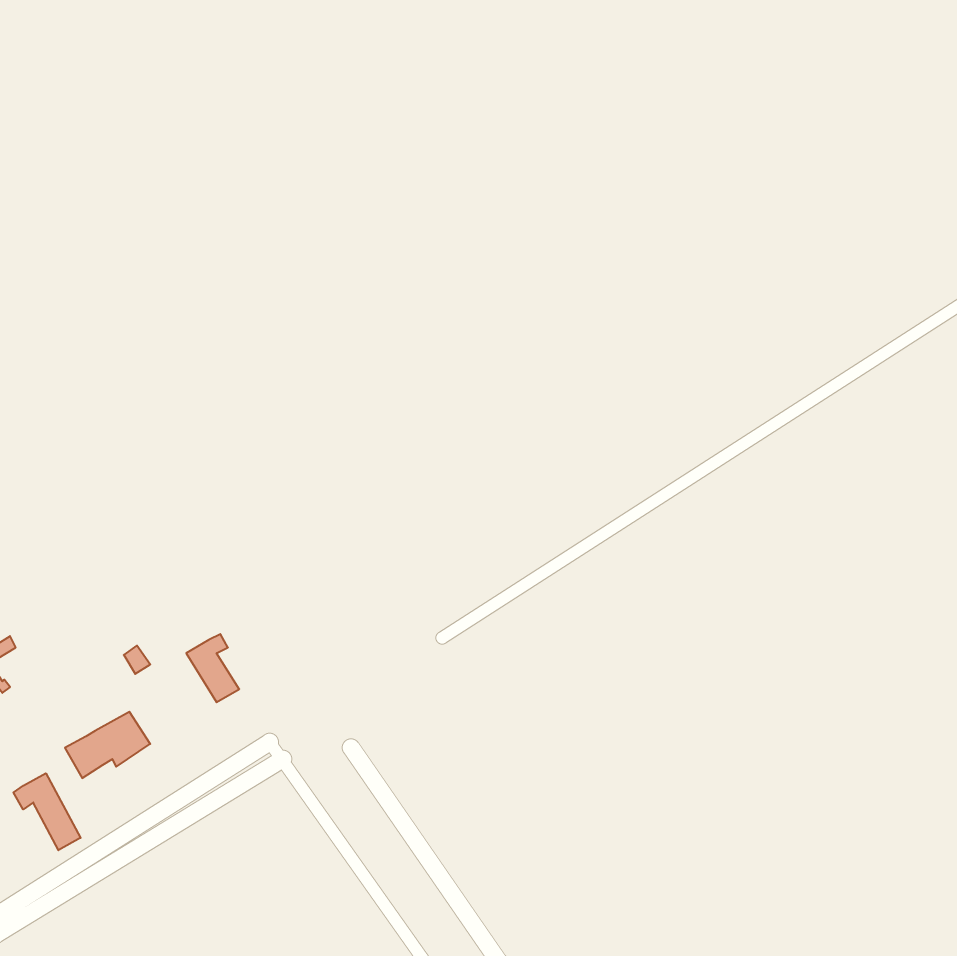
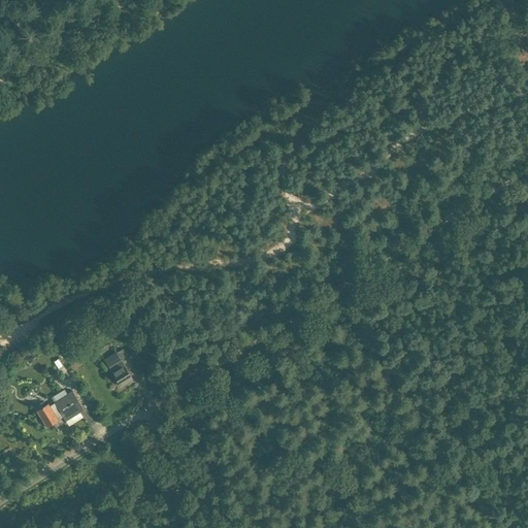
building: [13,773,81,850] -> none

